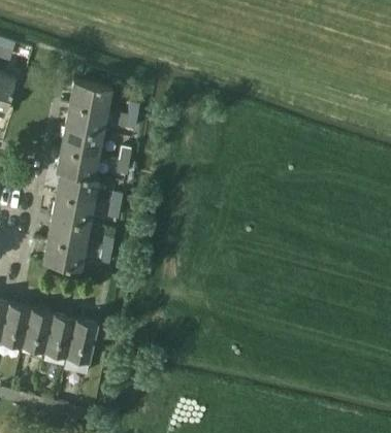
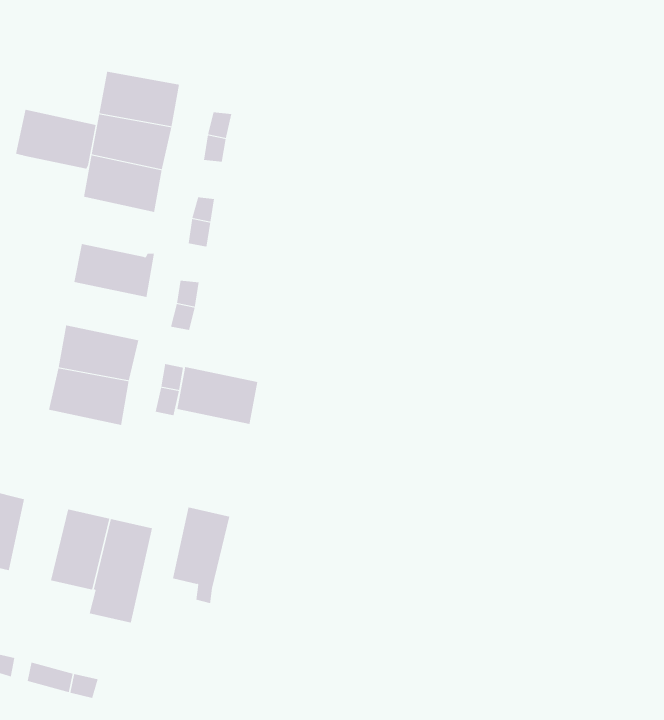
building: [56,148,99,180] -> [15,109,96,169]
building: [52,194,95,225] -> [177,366,258,425]
building: [22,309,53,361] -> [172,507,230,604]

